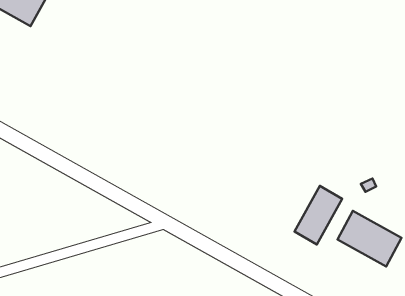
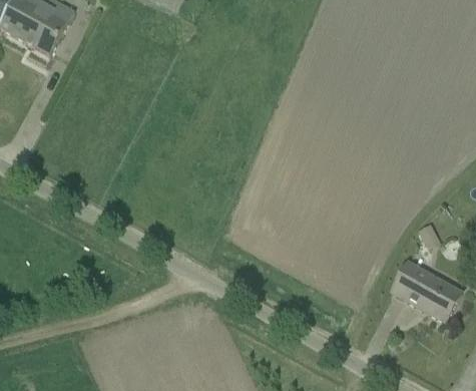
building: [295,186,342,244] -> none

